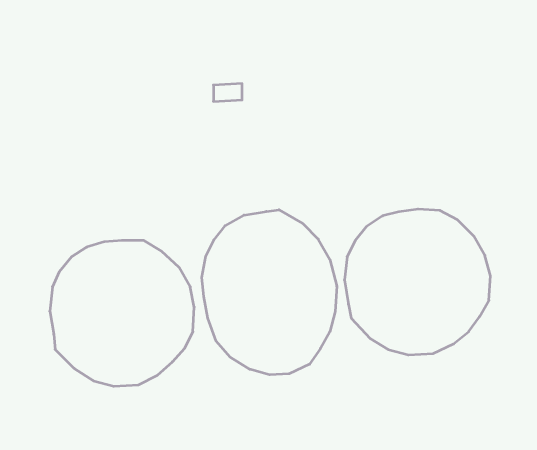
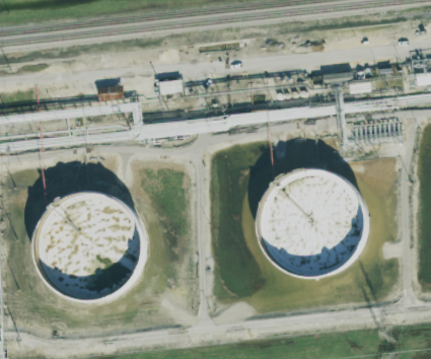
building: [202,210,337,375] -> none

